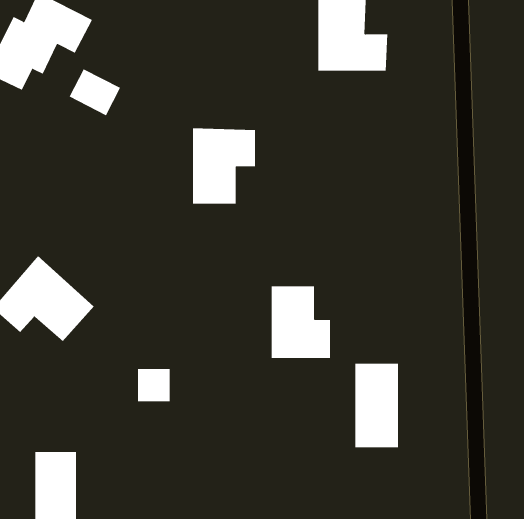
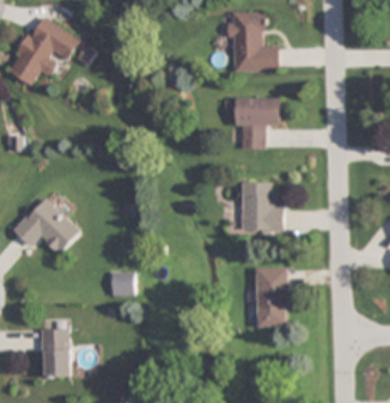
building: [69,68,121,116] -> none
building: [192,128,256,204] -> [237,97,280,148]
building: [271,286,331,358] -> [243,182,284,231]

